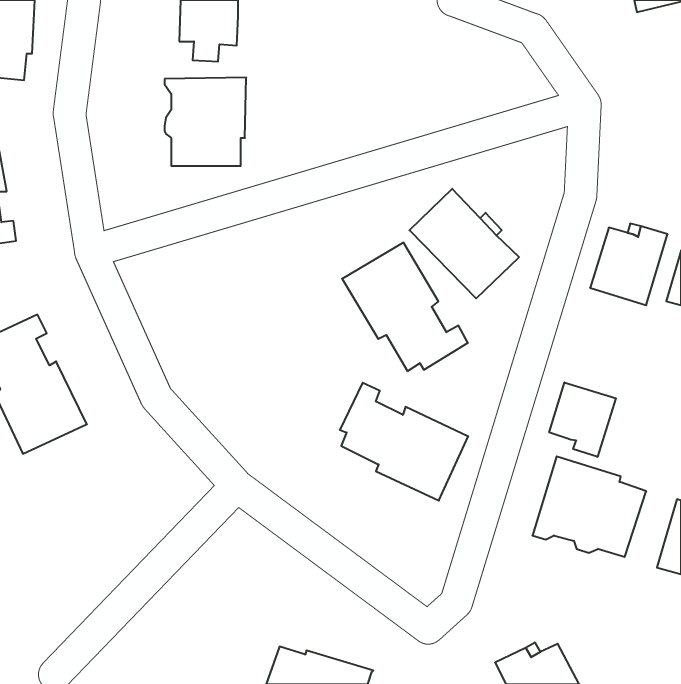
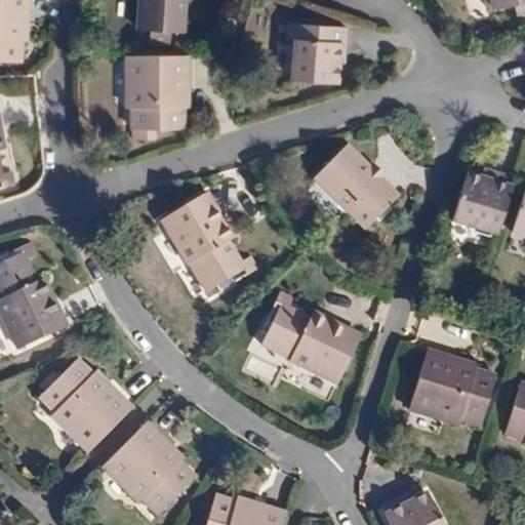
building: none -> [289,22,346,83]
building: [342,243,468,371] -> [160,192,256,290]
building: [549,382,616,457] -> none
building: none -> [39,357,131,451]
building: none -> [104,423,196,514]

